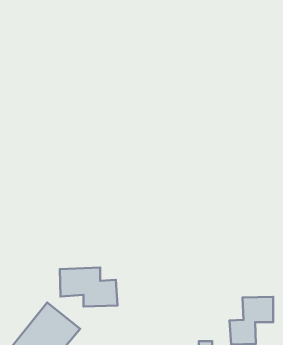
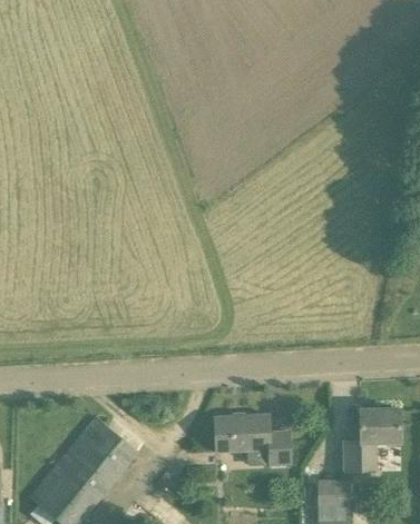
building: [60,268,117,306] -> [215,414,293,466]

